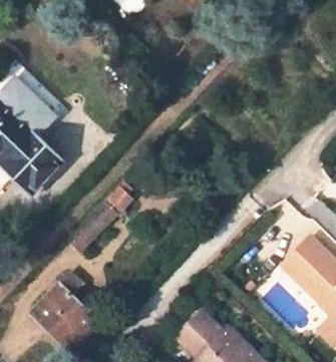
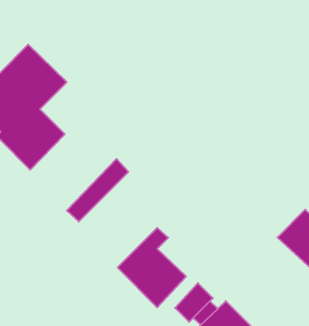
building: [31,271,100,351] -> [118,228,186,307]

